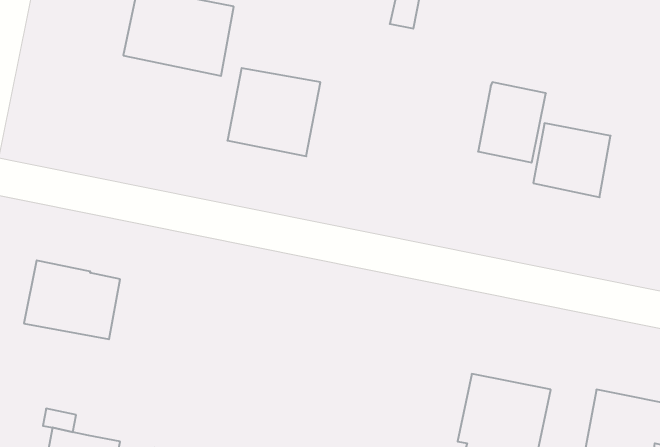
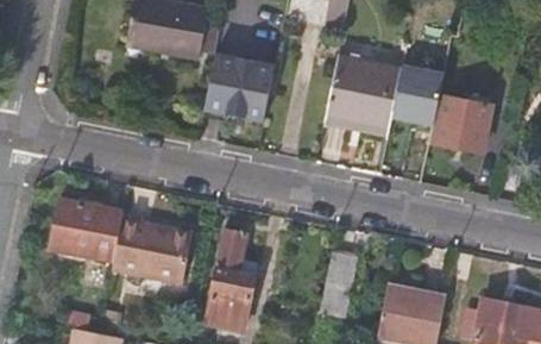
building: none -> [325,55,403,132]
building: none -> [113,214,193,282]
building: none -> [206,230,256,334]
building: none -> [320,251,358,318]

